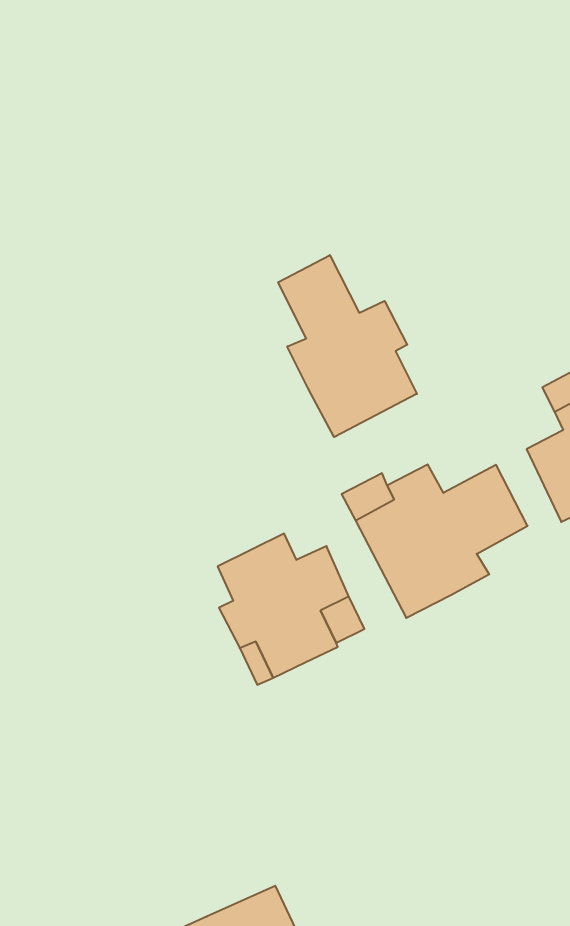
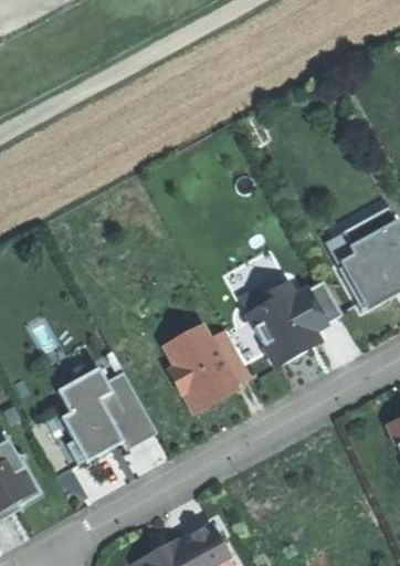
building: [278,255,417,437] -> none
building: none -> [55,367,157,461]

